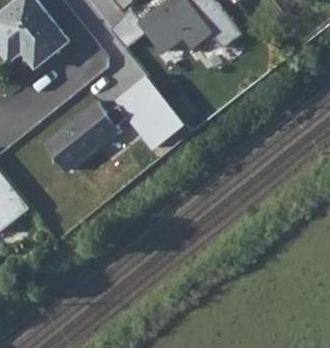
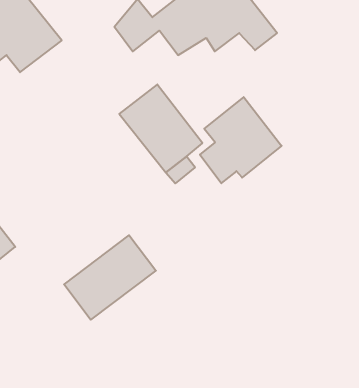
building: none -> [200,97,282,183]
building: [46,102,121,171] -> [64,235,156,320]

